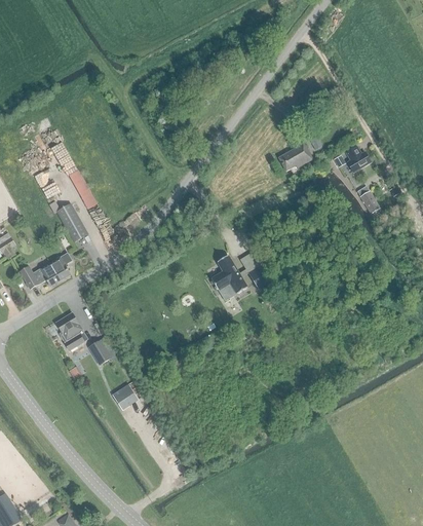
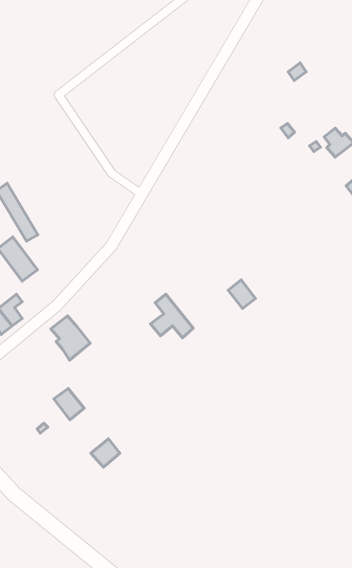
building: [279,143,314,170] -> none
building: [212,255,247,294] -> [151,294,193,338]
building: [56,313,88,351] -> [51,316,90,360]

